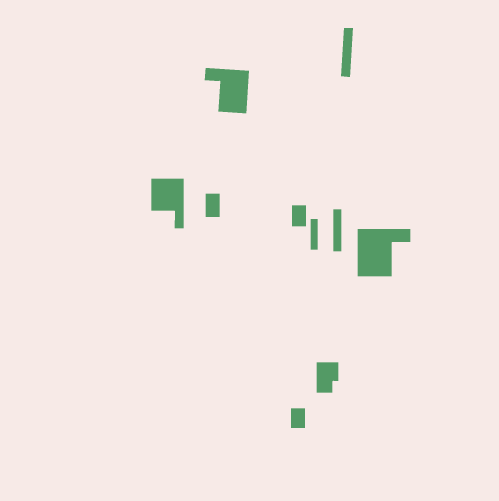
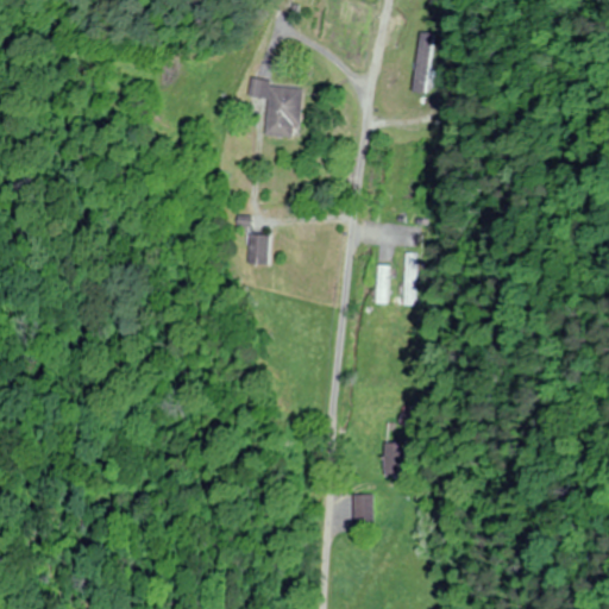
building: [151,178,184,229] -> none
building: [292,204,307,227] -> none
building: [357,228,411,277] -> none

